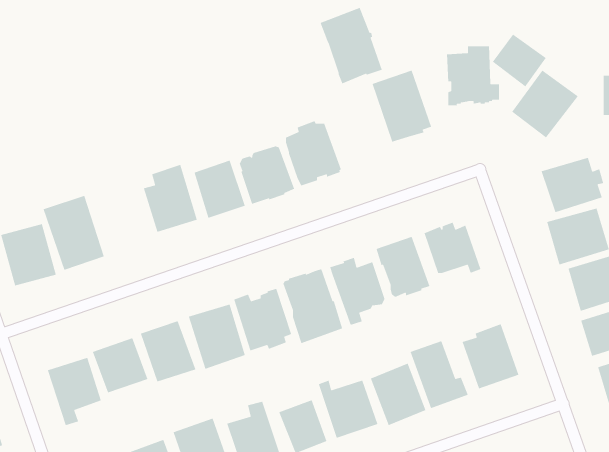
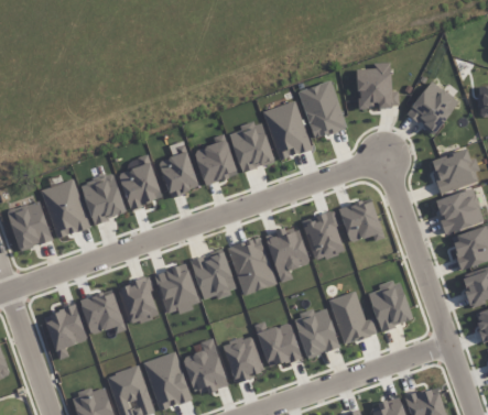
building: [319,7,383,84] -> [262,99,312,160]
building: [492,34,547,87] -> none
building: none -> [80,172,127,223]

